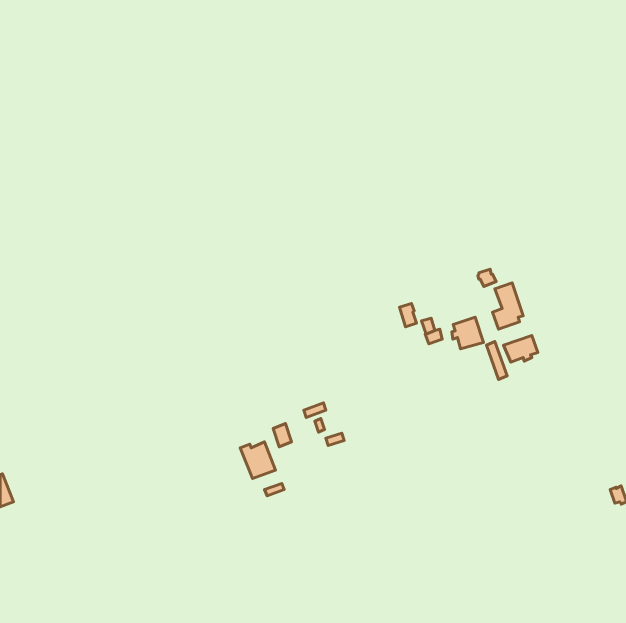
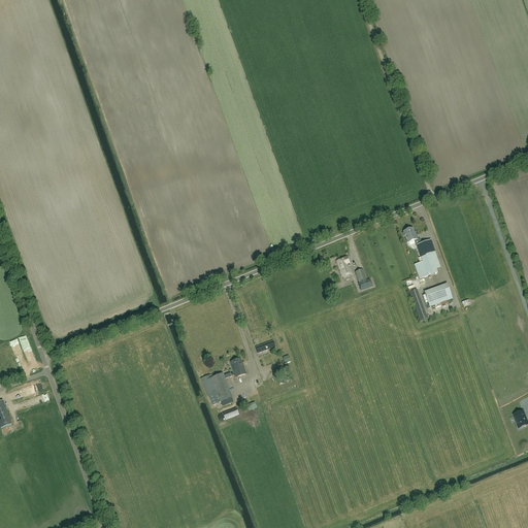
building: [452,317,483,349] -> none

